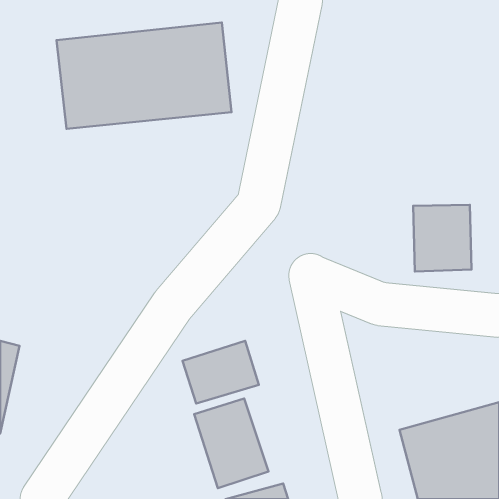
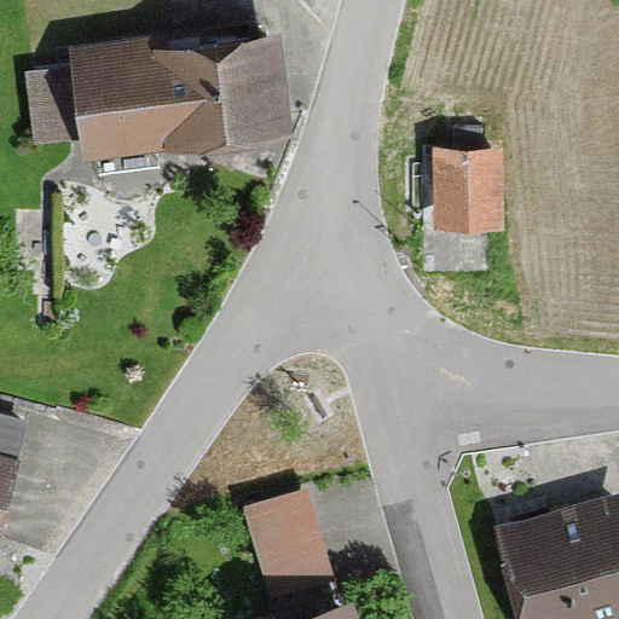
building: [413,205,472,271] -> [432,150,504,232]
building: [182,341,259,404] -> none

